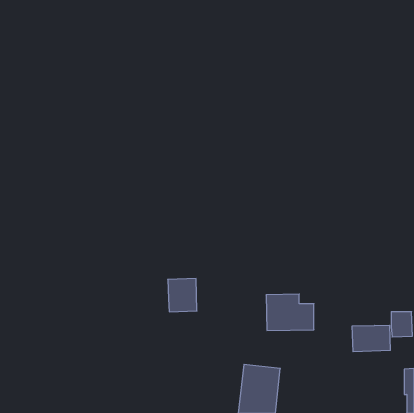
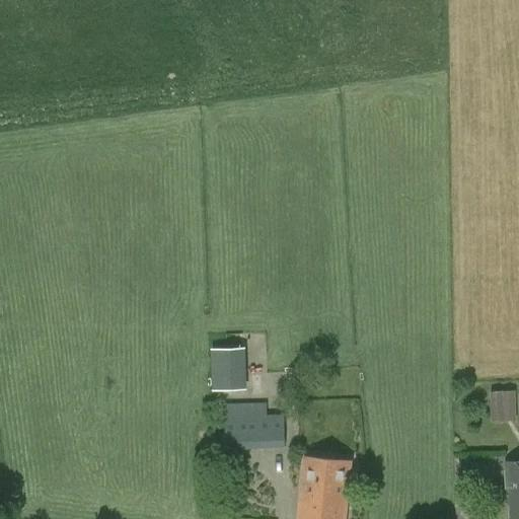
building: [266,294,314,330] -> [225,402,285,448]
building: [352,325,390,352] -> none

